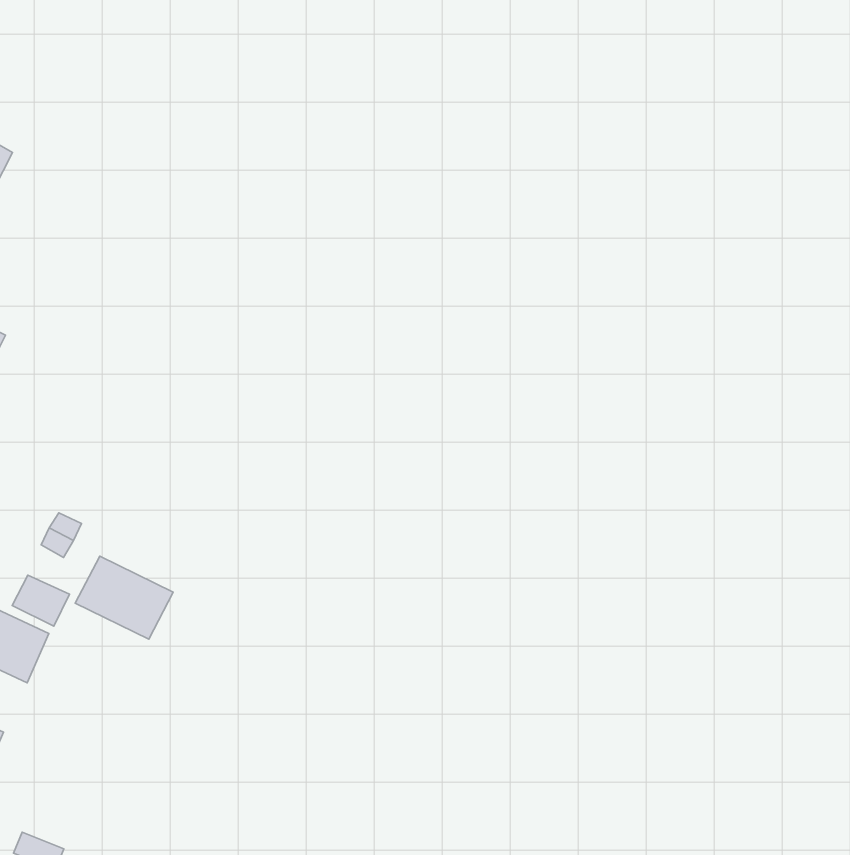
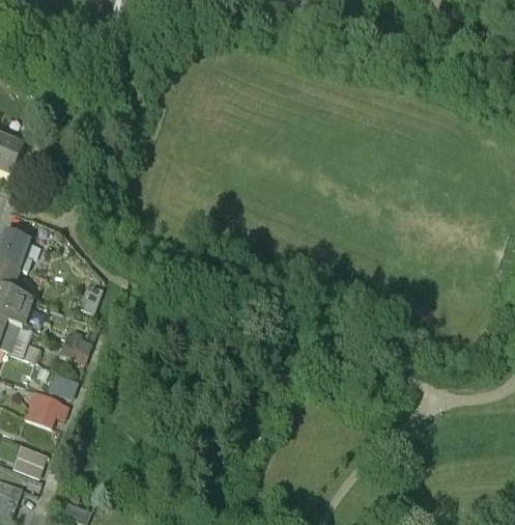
building: [75,556,173,639] -> none

